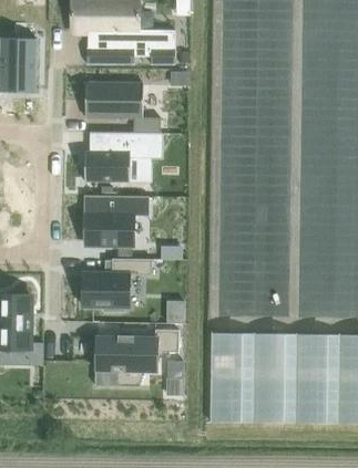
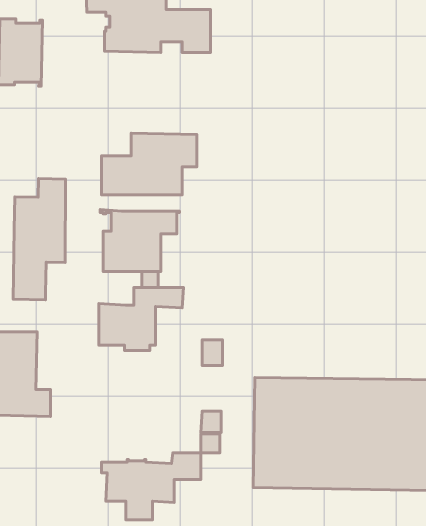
building: [85,81,160,132] -> none
building: none -> [13,179,65,300]
building: [96,329,178,384] -> [102,453,201,520]

